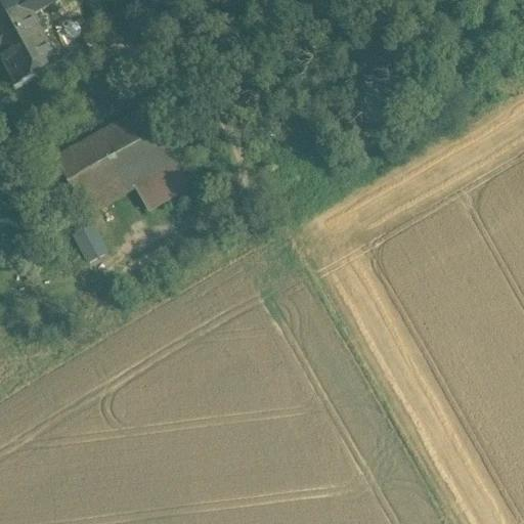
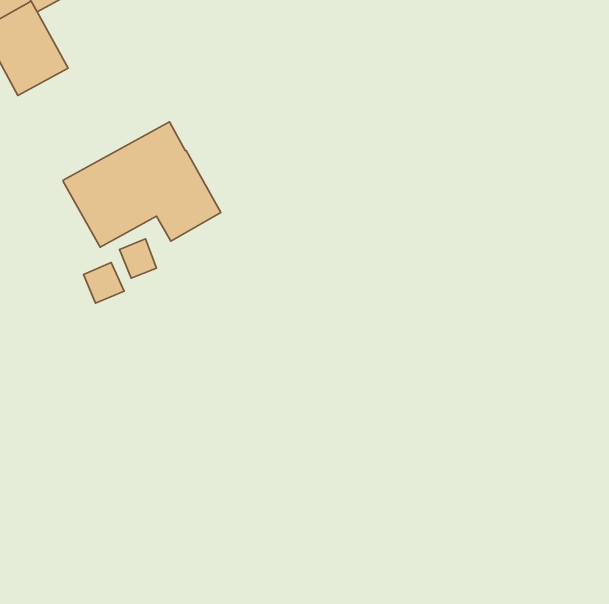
building: none -> [119,239,157,278]

